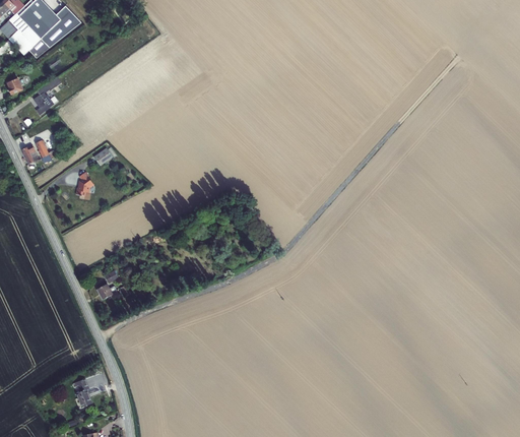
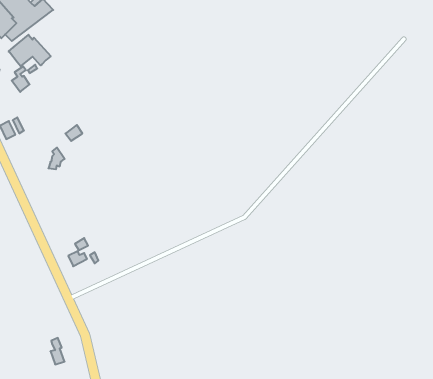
building: none -> [9,35,51,66]

